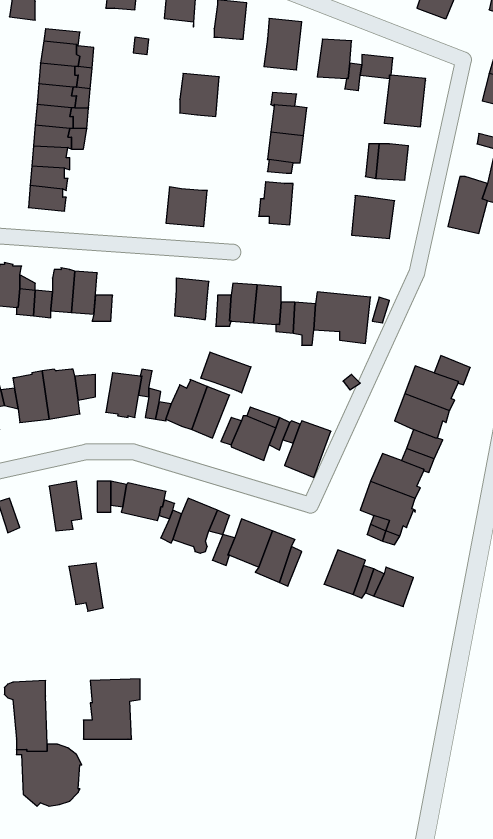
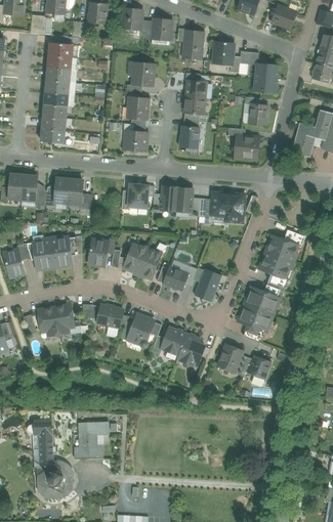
building: none -> [127,97,148,120]
building: [201,352,251,393] -> none
building: [69,563,103,611] -> [37,307,57,336]

